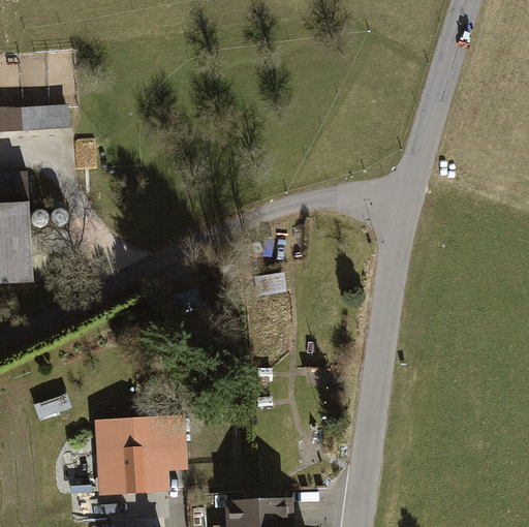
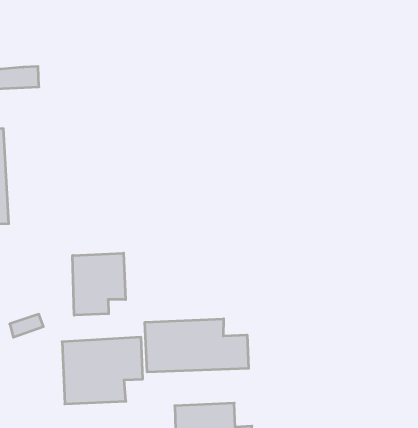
building: none -> [73,253,126,315]
building: none -> [145,319,249,372]

